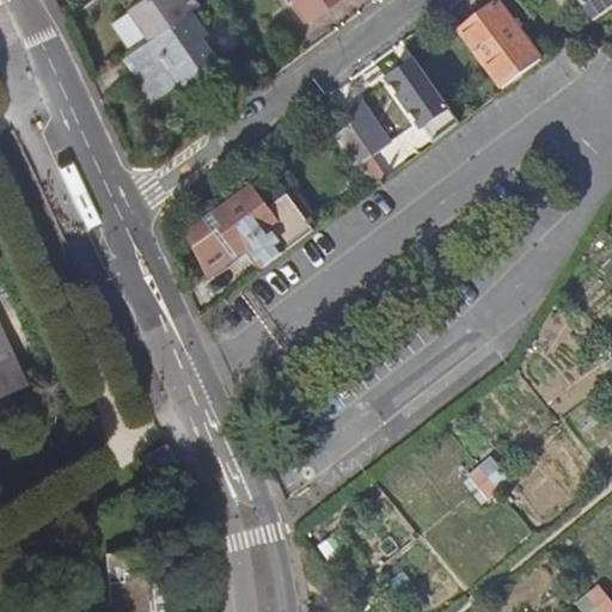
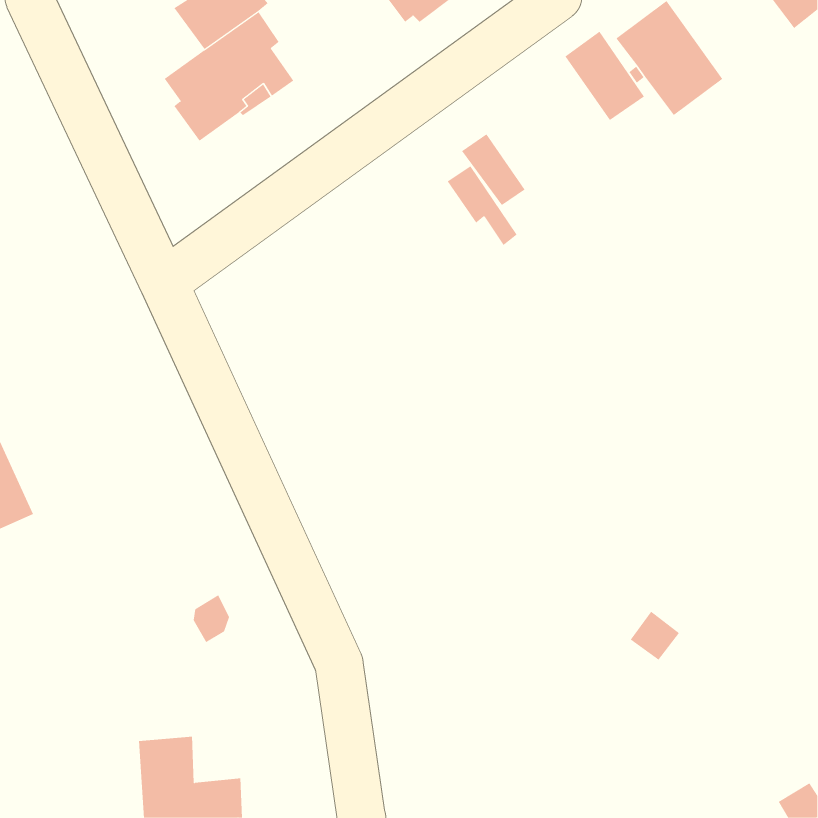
building: [387,59,447,126] -> [565,31,645,121]
building: [189,188,312,274] -> none

